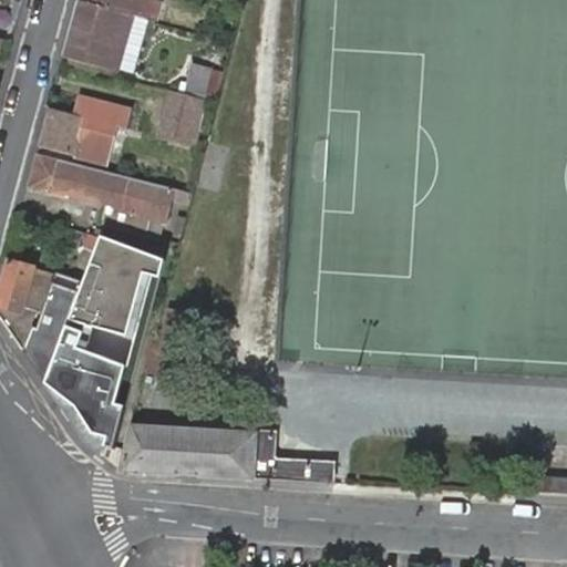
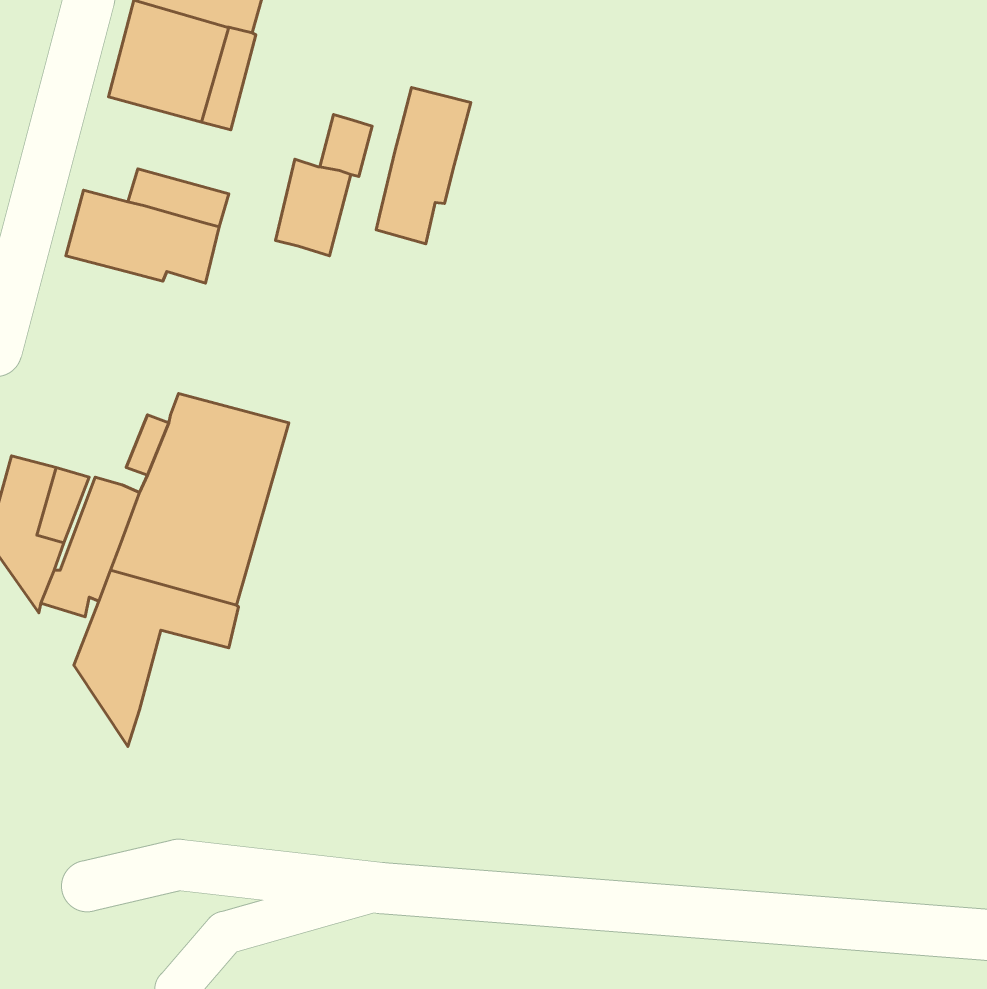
building: none -> [376,87,471,244]
building: [25,154,175,225] -> none
building: [73,360,131,450] -> none
building: [118,425,331,483] -> none

